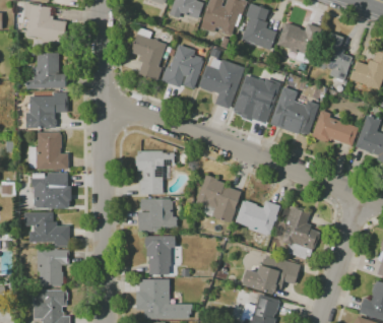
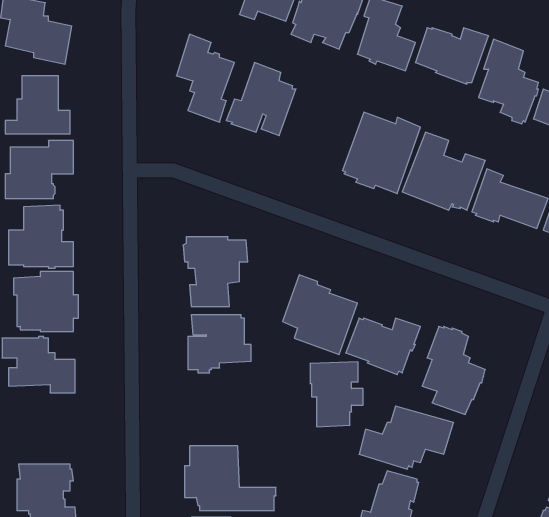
building: [199,57,245,109] -> none
building: [145,235,178,274] -> [310,362,363,427]
building: [37,248,70,286] -> none

